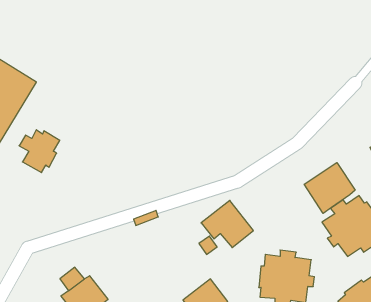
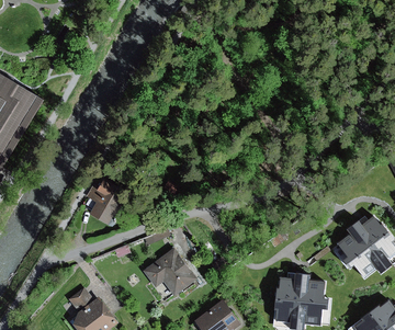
building: [19,130,60,173] -> [84,180,126,224]
building: [304,163,355,213] -> none
building: [201,200,253,248] -> [142,248,195,296]

